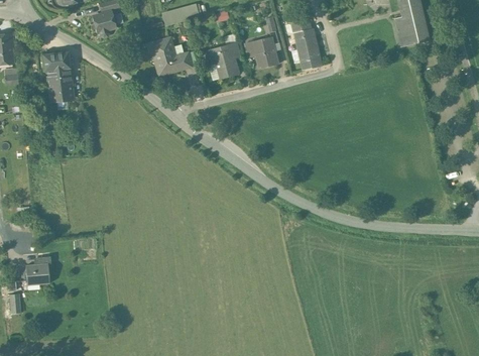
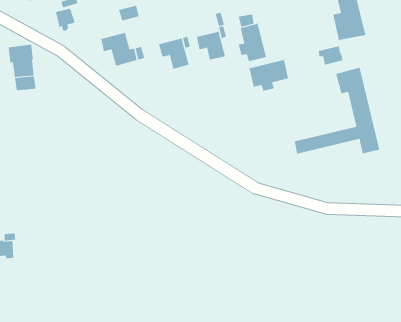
building: none -> [318,46,343,65]
building: none -> [249,59,289,91]
building: none -> [294,67,380,155]

